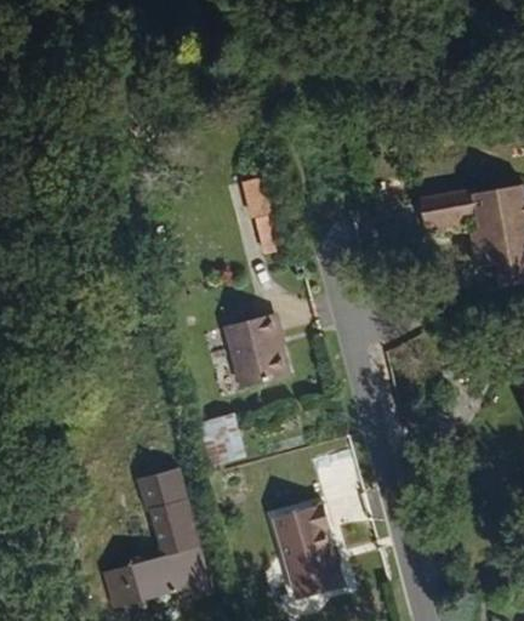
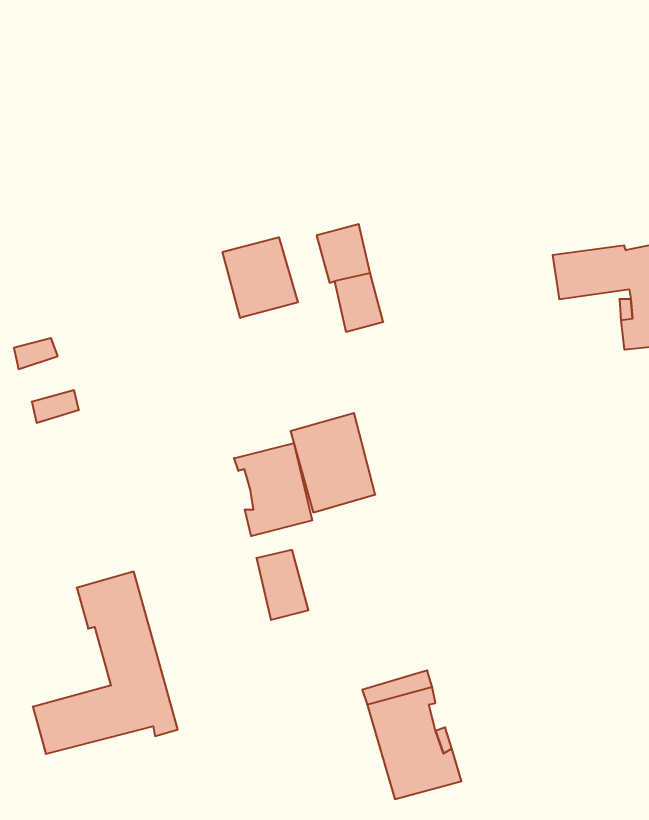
building: none -> [223,237,298,318]
building: none -> [234,443,312,536]
building: [104,473,212,609] -> [33,572,178,754]

